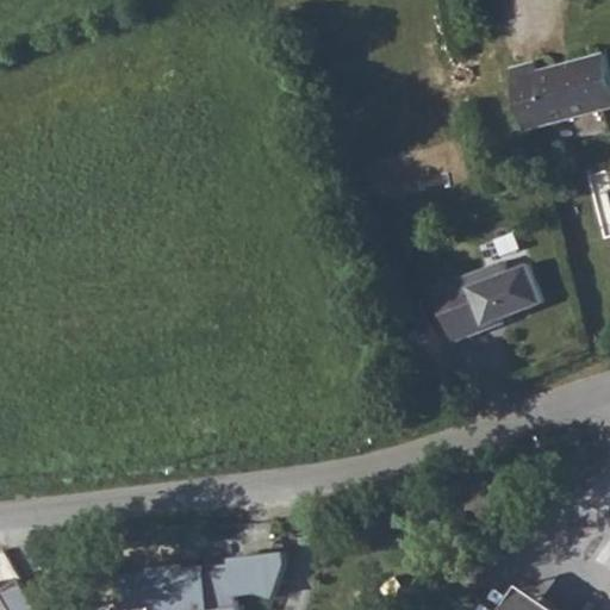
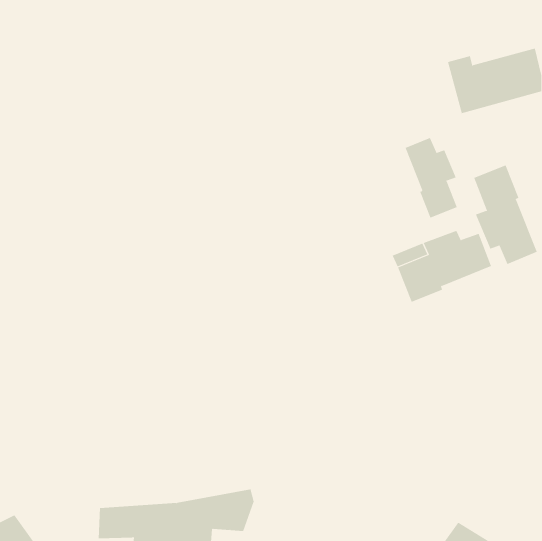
building: none -> [405,137,457,219]
building: none -> [474,164,537,265]

